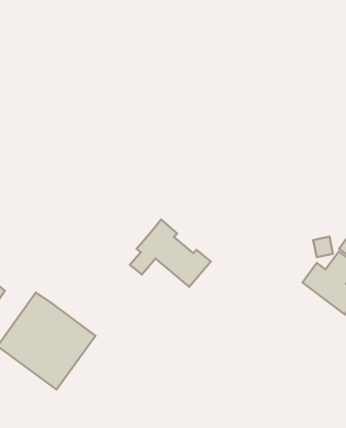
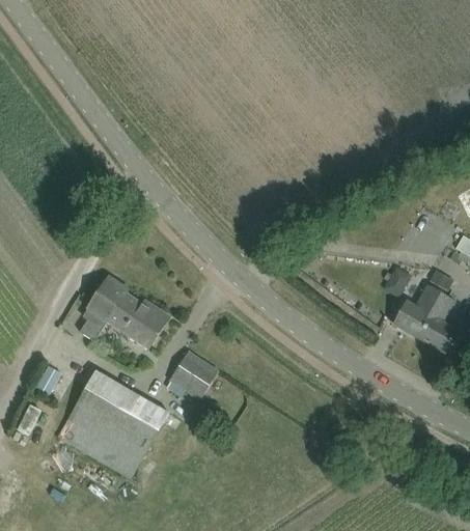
building: [130,220,211,287] -> [78,276,168,347]
building: none -> [169,352,217,397]

